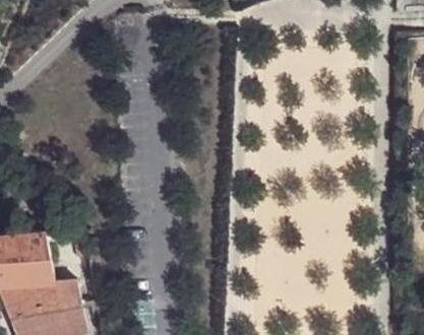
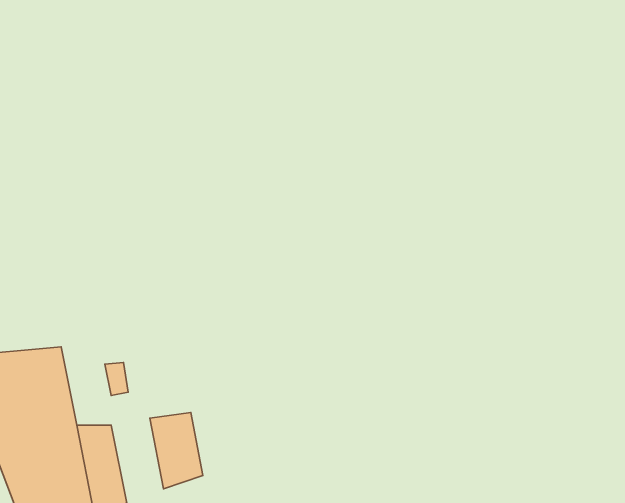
building: none -> [150,413,203,489]

